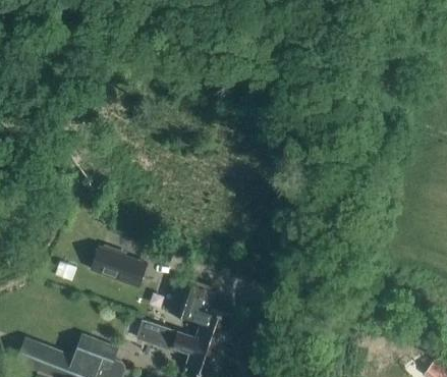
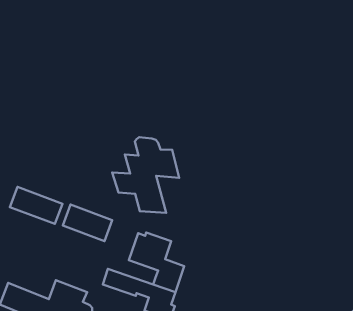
building: none -> [112,137,179,213]
building: none -> [10,187,62,224]

